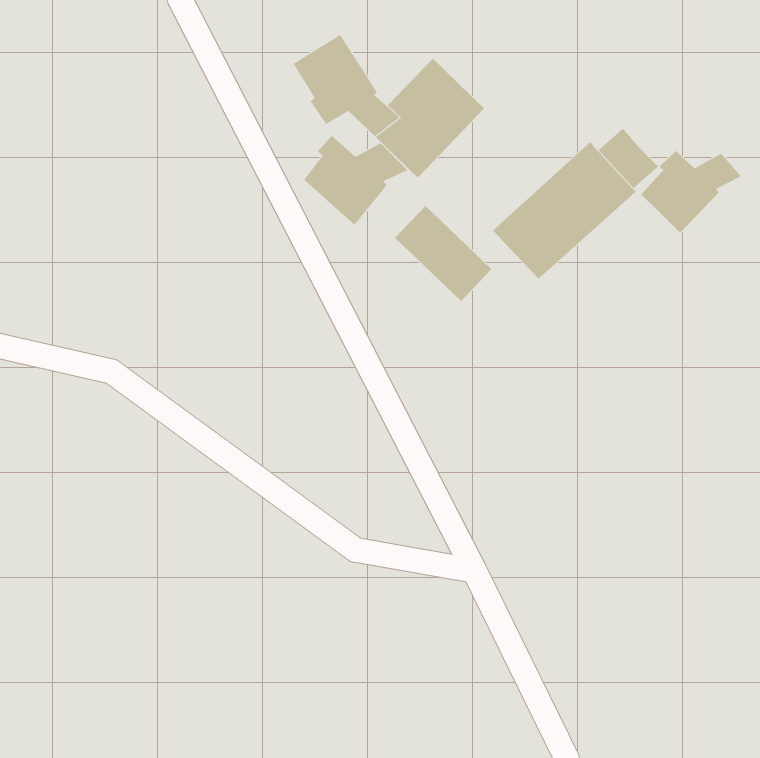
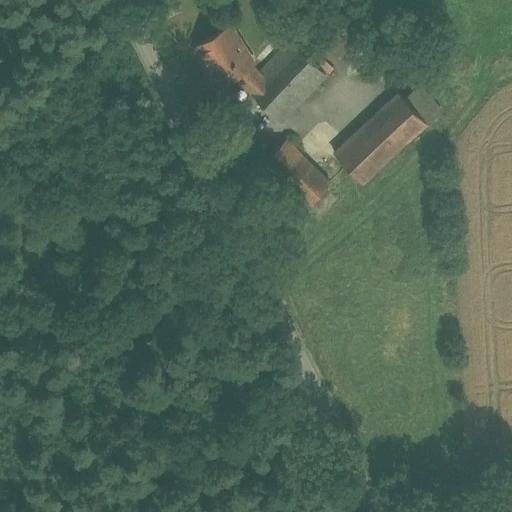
building: [304,135,408,225] -> none
building: [640,150,742,233] -> none

